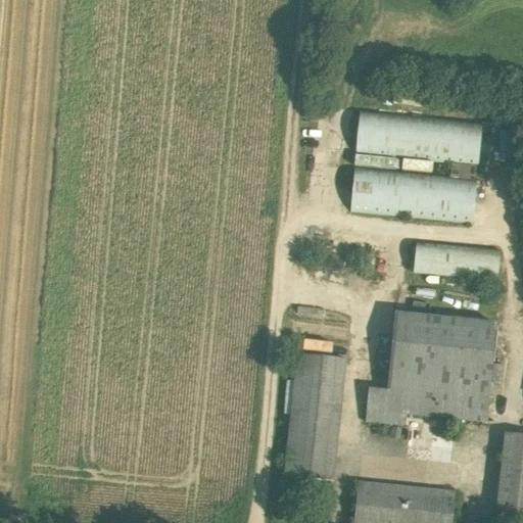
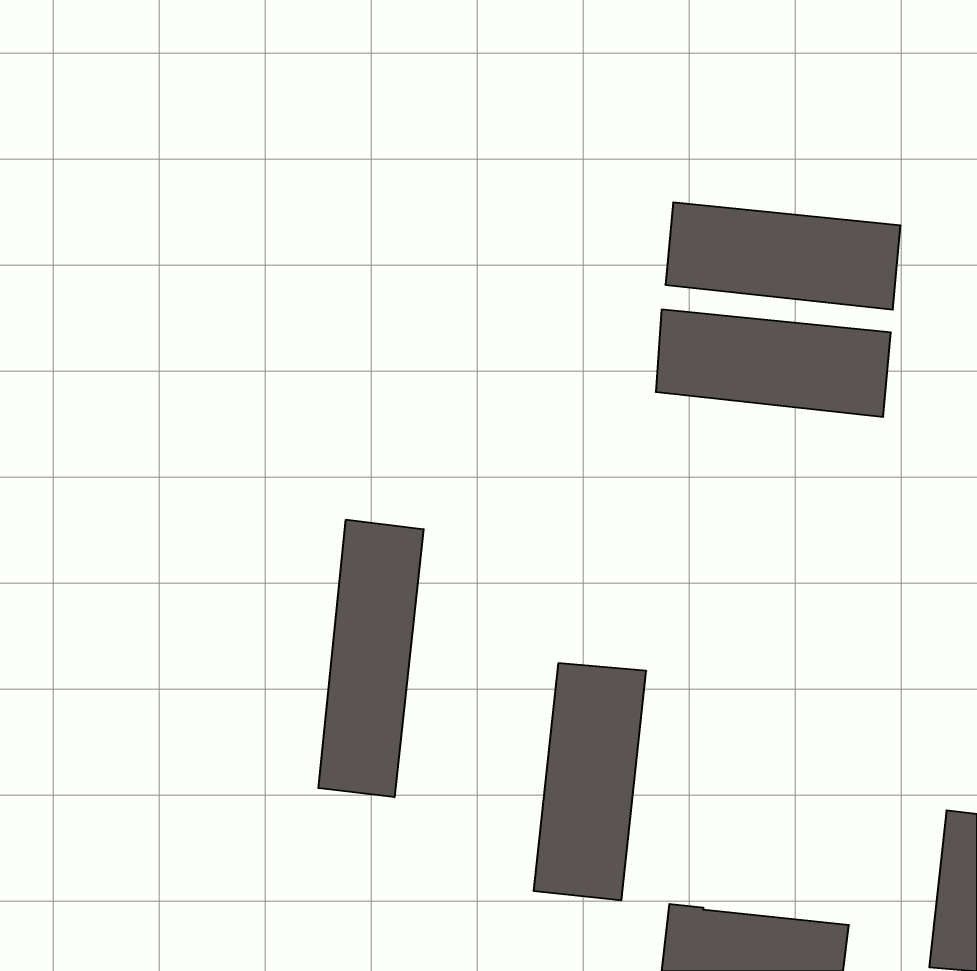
building: [413,241,500,280] -> none
building: none -> [319,520,424,797]
building: [365,314,496,423] -> none

